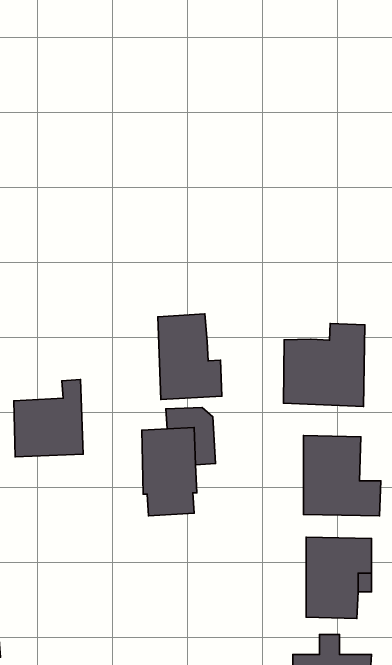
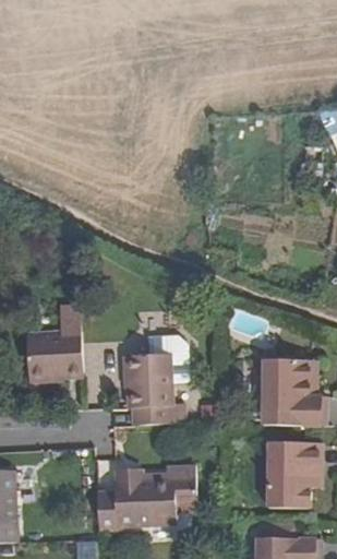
building: [158,314,222,400] -> none
building: [284,323,365,407] -> none
building: none -> [98,469,189,528]

